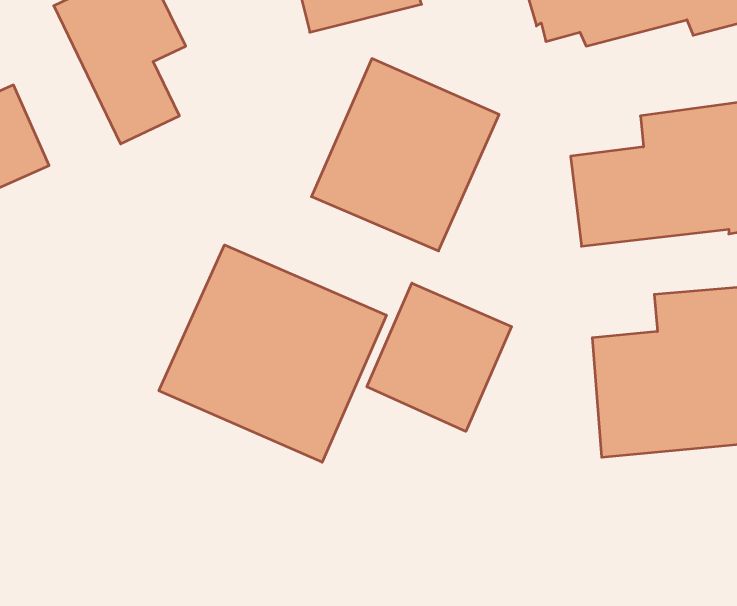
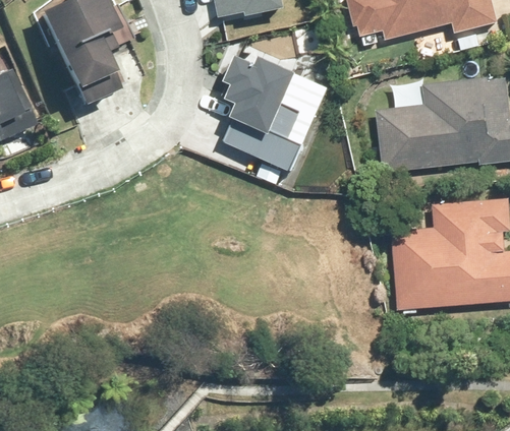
building: [159,245,386,462] -> none
building: [367,283,512,431] -> none

